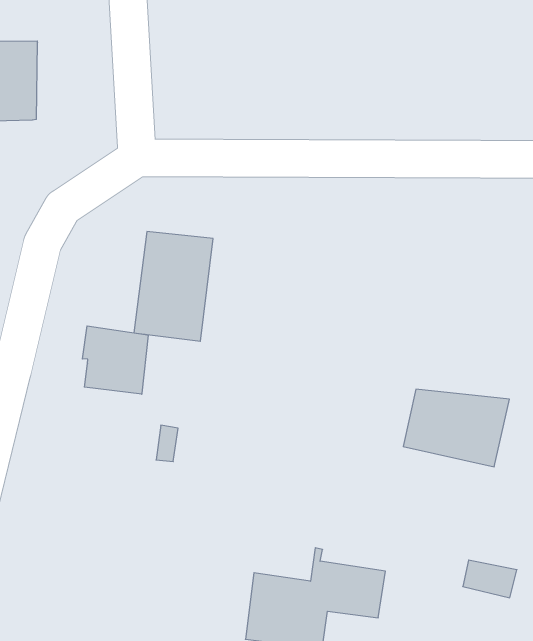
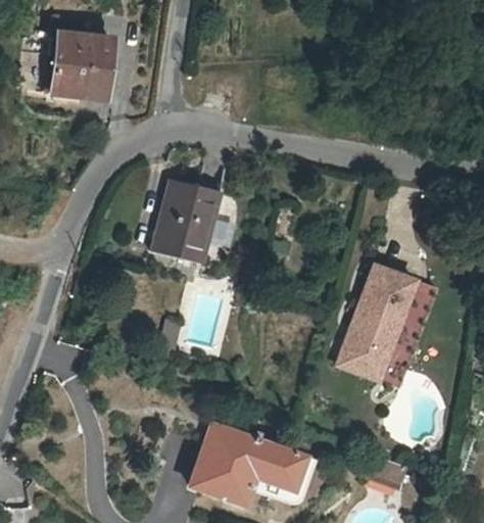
building: none -> [349,266,435,343]
building: [82,326,148,394] -> none
building: none -> [212,427,259,453]

